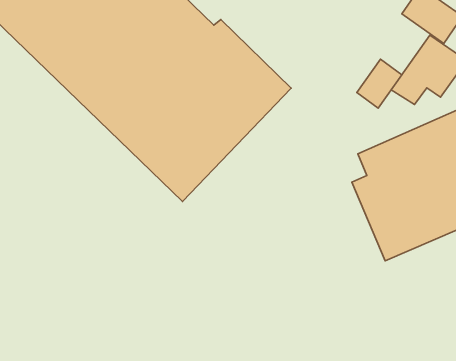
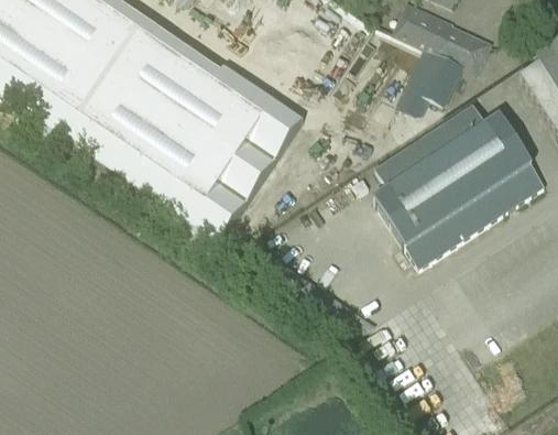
building: [357,59,402,108] -> none

